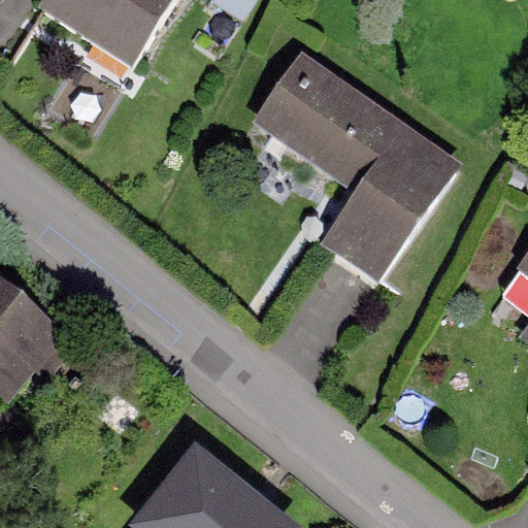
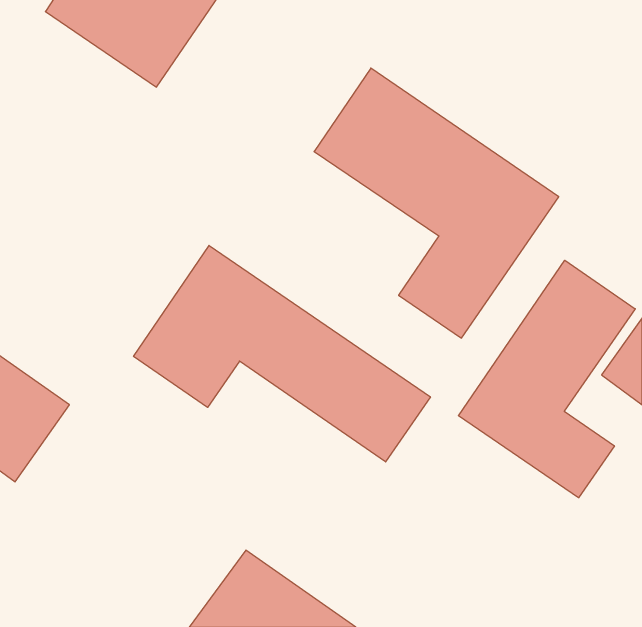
building: none -> [134,245,430,462]
building: none -> [458,260,635,498]

